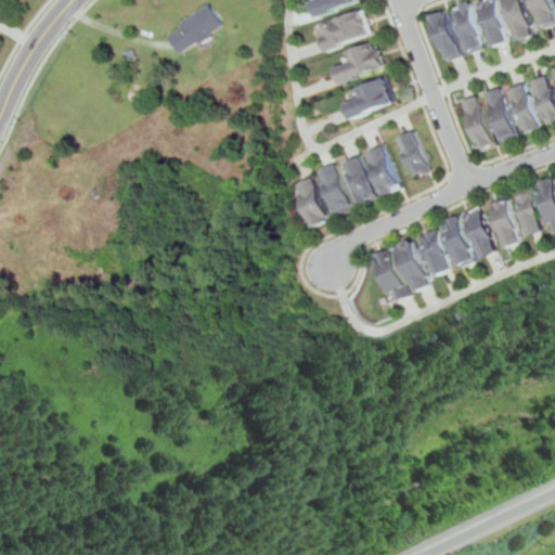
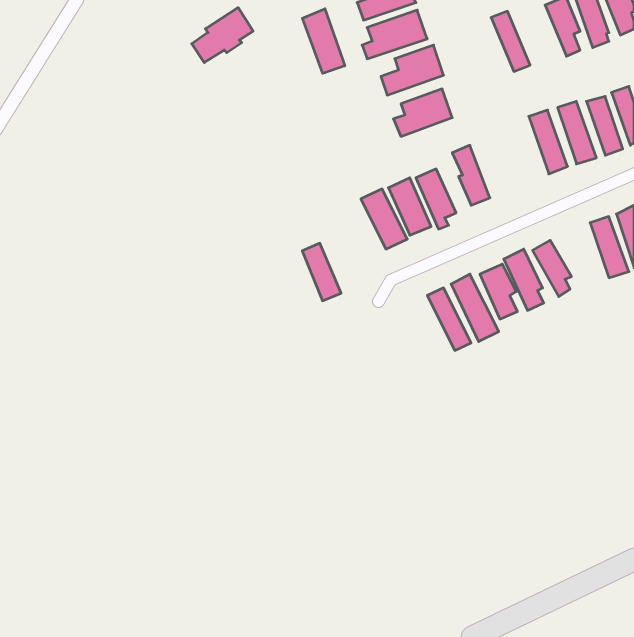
building: [450,8,479,54] -> none
building: none -> [302,9,345,73]
building: [293,177,326,227] -> [302,243,341,301]
building: [486,199,518,250] -> none

